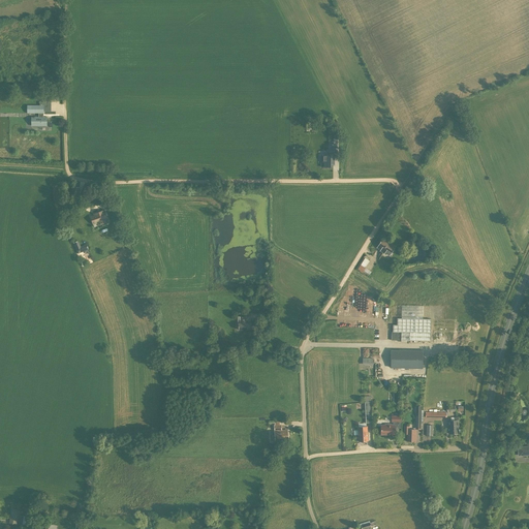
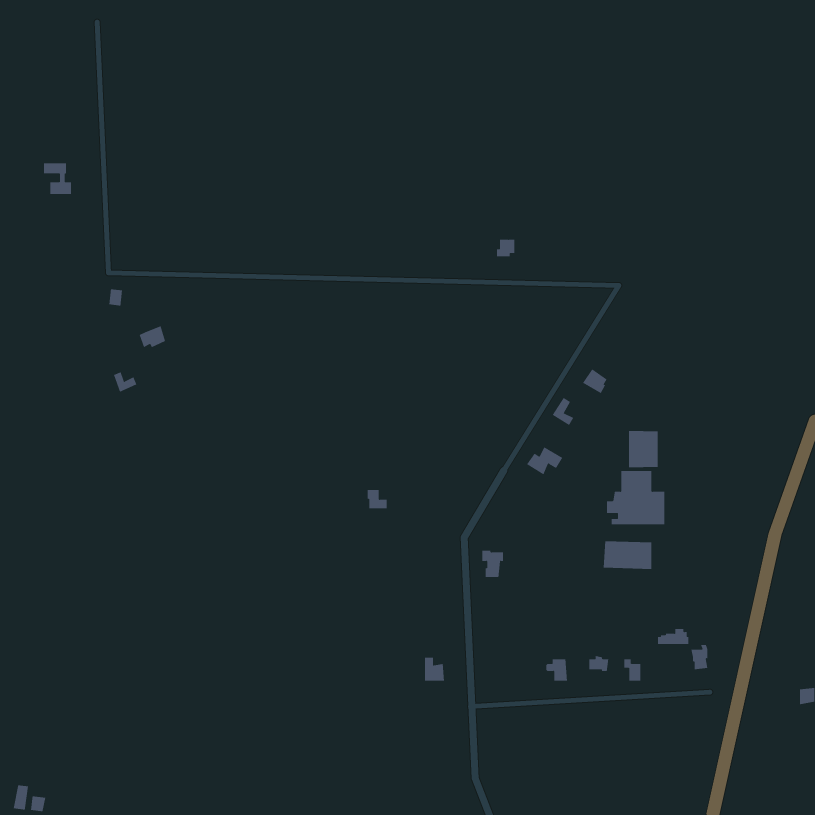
building: none -> [629,430,658,468]

